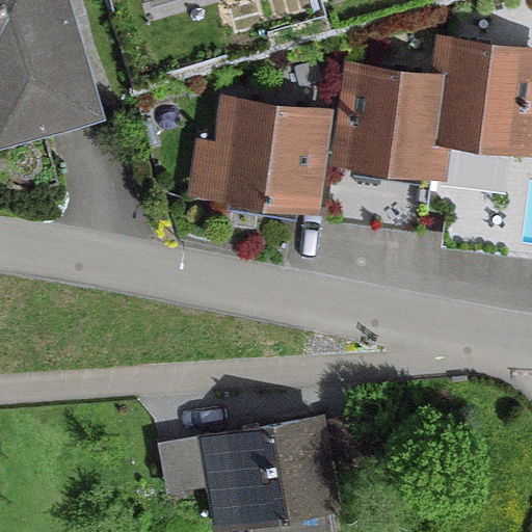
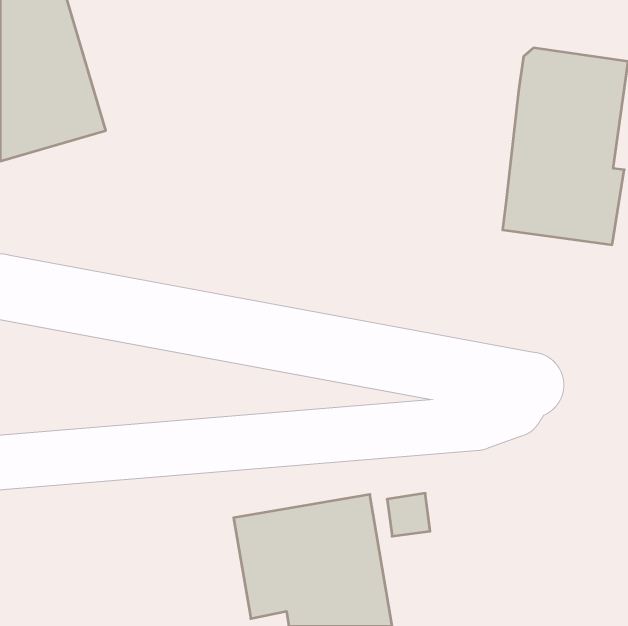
building: [340,66,438,169] -> none
building: [215,100,316,204] -> none

